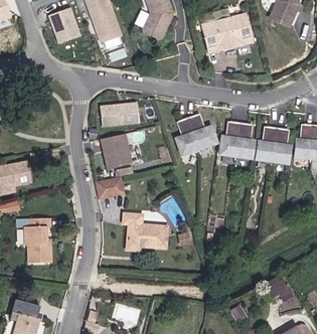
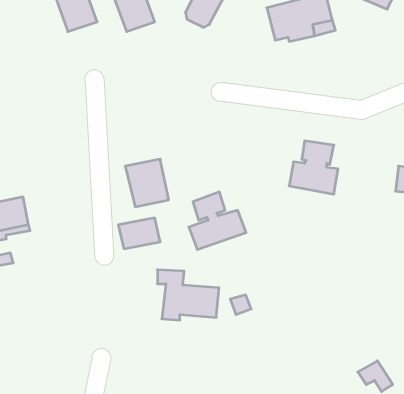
building: [100,103,139,127] -> none
building: [175,113,216,154] -> [189,192,246,249]
building: [256,125,290,162] -> none
building: [26,217,52,263] -> none

